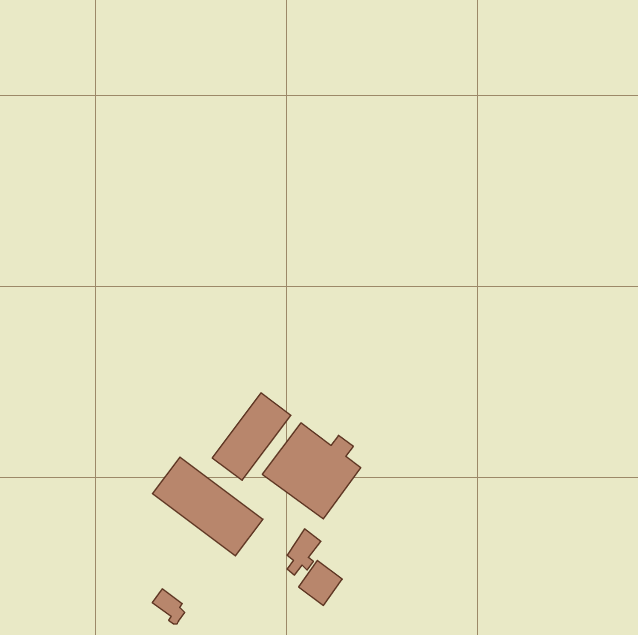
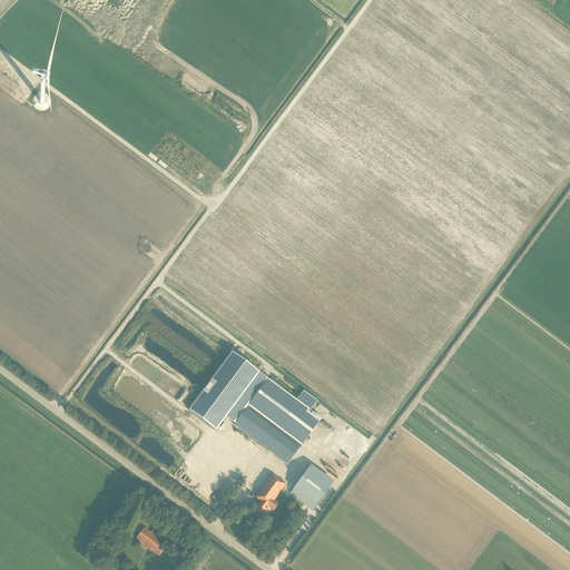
building: [152,457,263,556] -> none
building: [299,560,342,605] -> [289,469,328,509]

